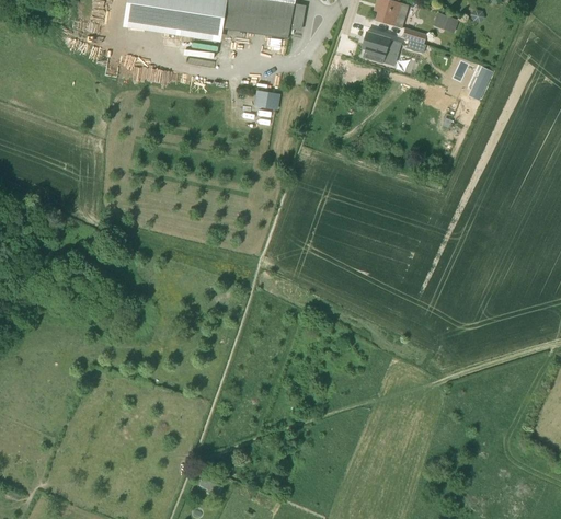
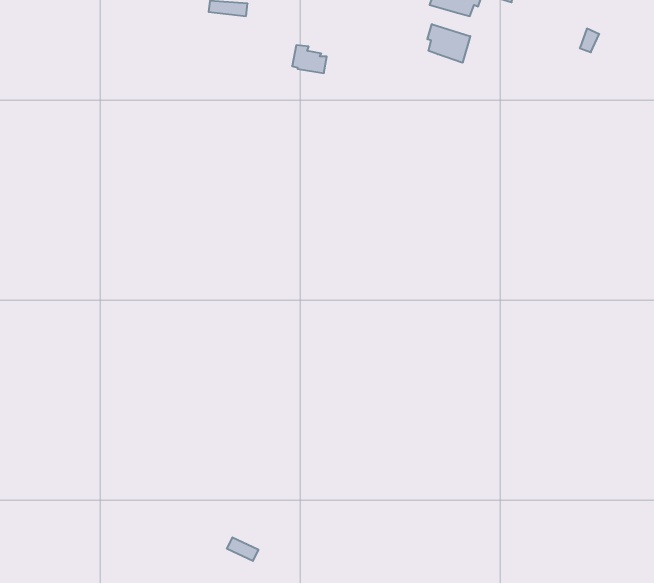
building: none -> [427,24,470,63]

